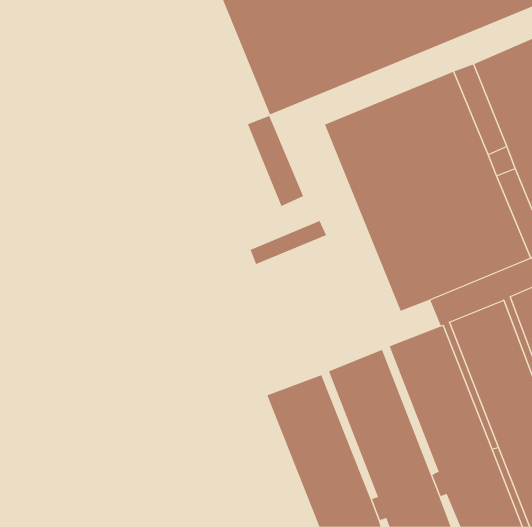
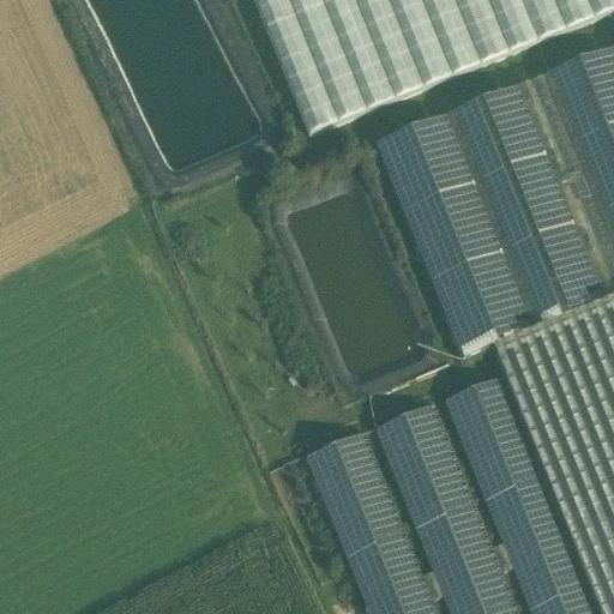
building: [247,115,304,207] -> none
building: [250,220,327,265] -> none

